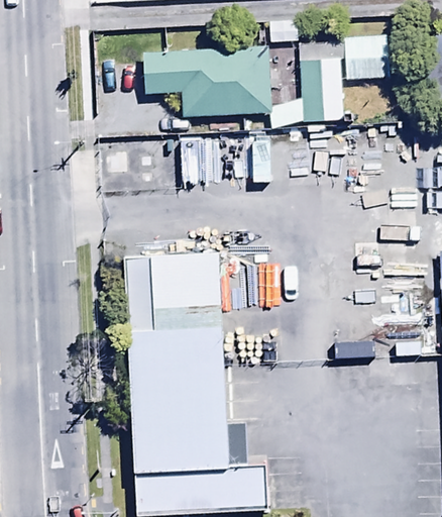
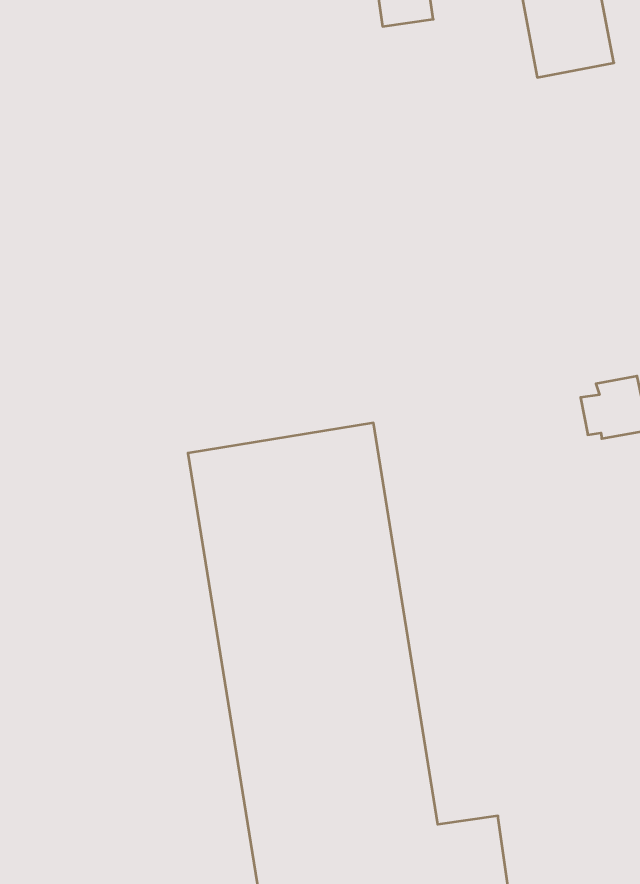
building: [297,43,340,123] -> none
building: [140,48,270,118] -> none

